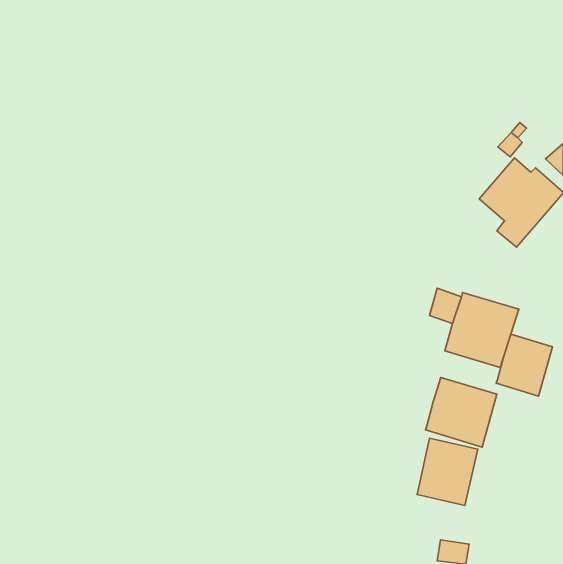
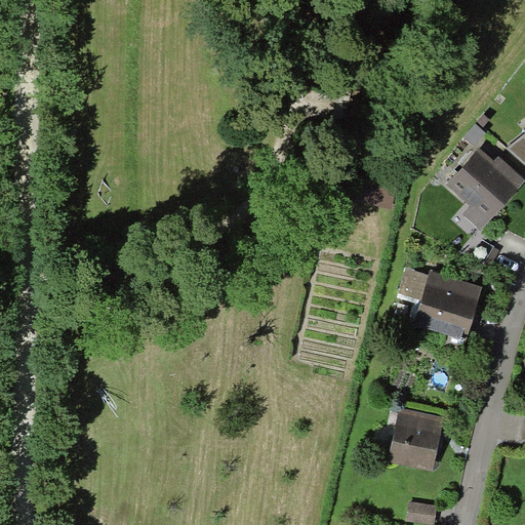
building: [496,334,552,396] -> none
building: [425,377,497,447] -> none

